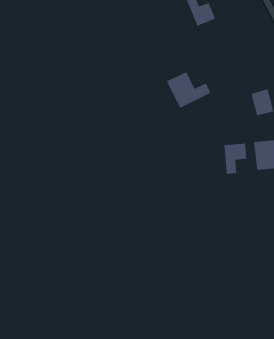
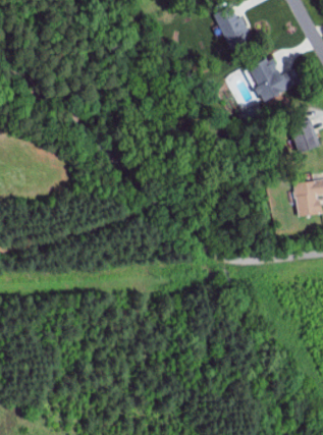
building: [166,71,212,109] -> [248,56,301,100]
building: [223,143,247,175] -> none

